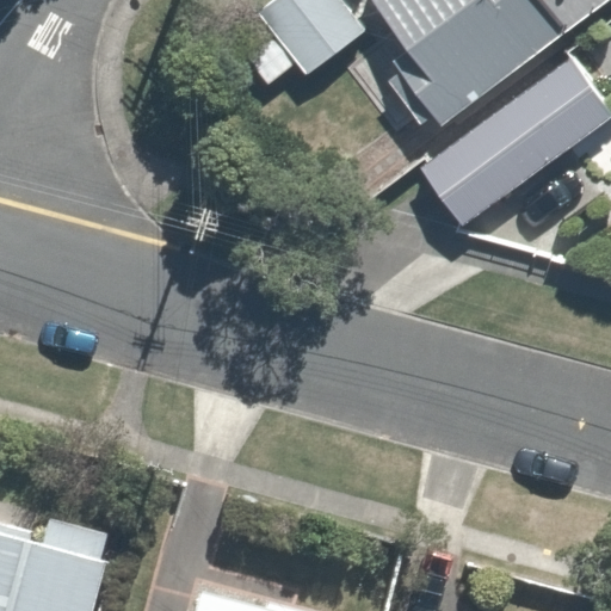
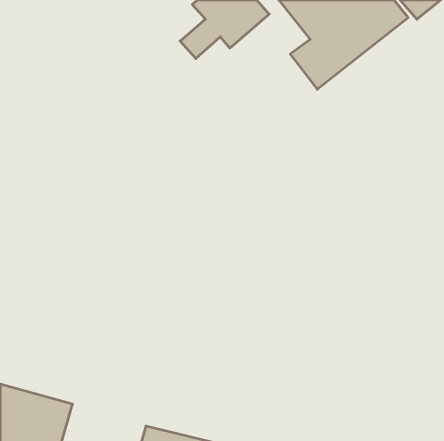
building: [421,56,601,221] -> none

